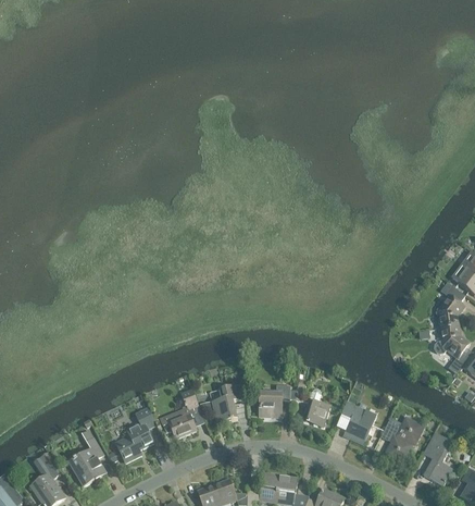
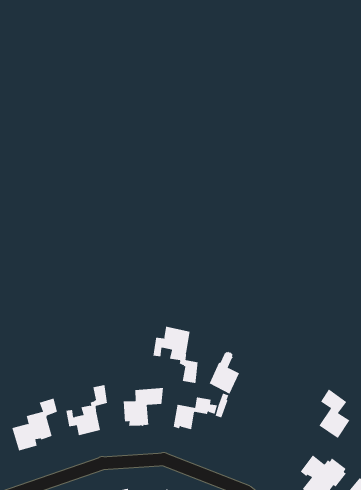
building: none -> [153,326,198,384]
building: [302,387,328,427] -> [209,351,240,395]
building: [340,400,371,444] -> [319,388,351,439]

